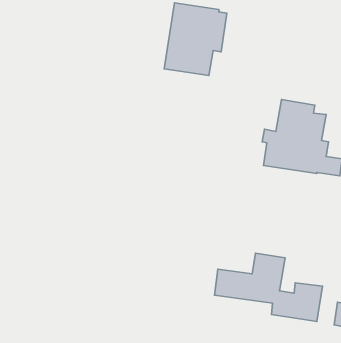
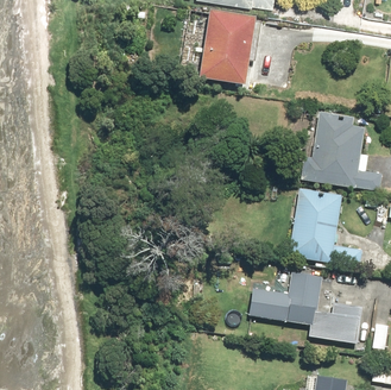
building: none -> [289,187,364,266]

